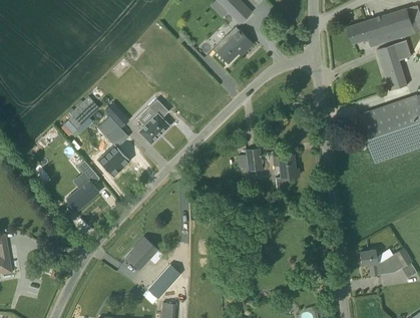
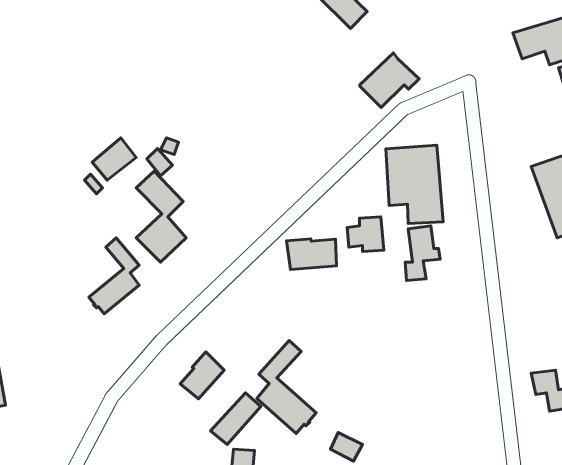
building: [214,27,253,63] -> [360,53,419,108]
building: [139,99,168,143] -> none
building: none -> [386,145,443,224]
building: none -> [287,239,337,269]
building: none -> [257,341,316,433]

